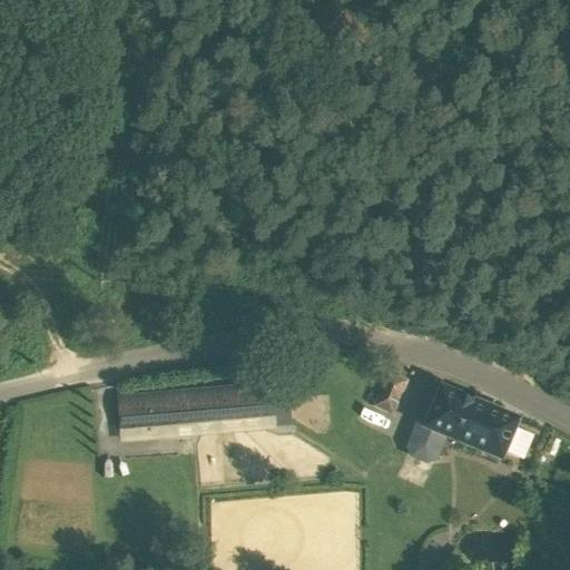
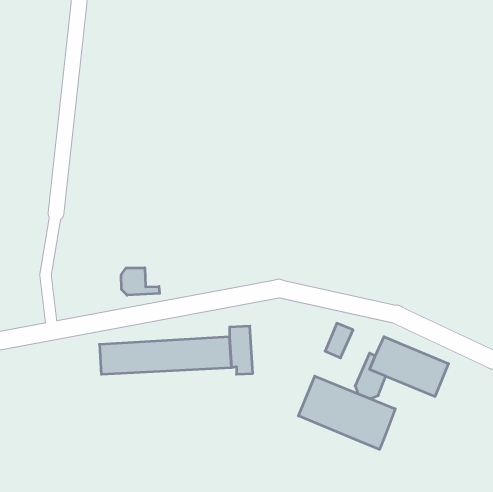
building: none -> [121,268,160,295]
building: none -> [298,376,395,449]

